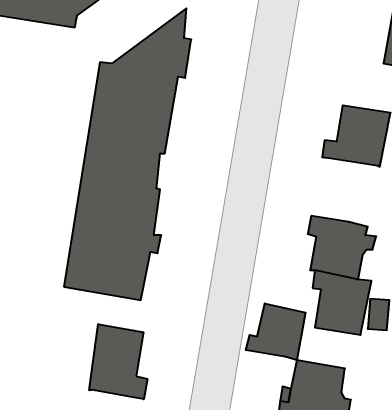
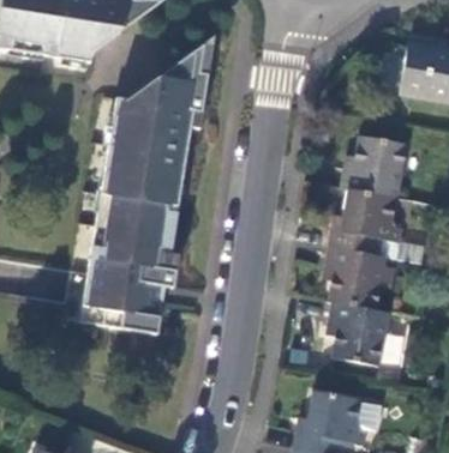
building: none -> [329,191,401,254]
building: [246,303,306,360] -> none
building: [89,324,147,399] -> none

